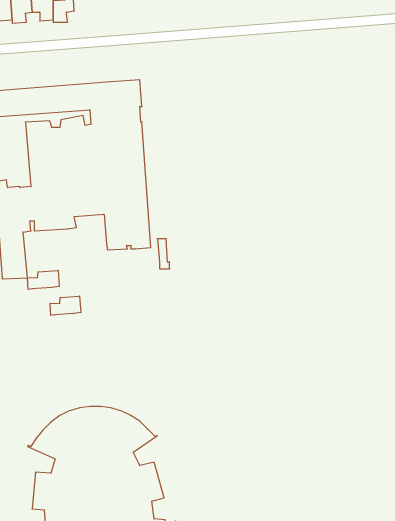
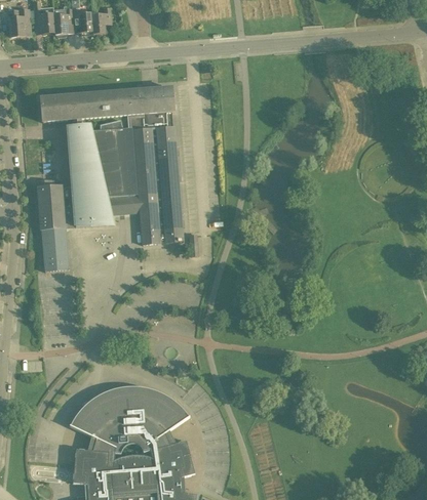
building: [28,270,59,289] -> none
building: [50,296,81,315] -> none

